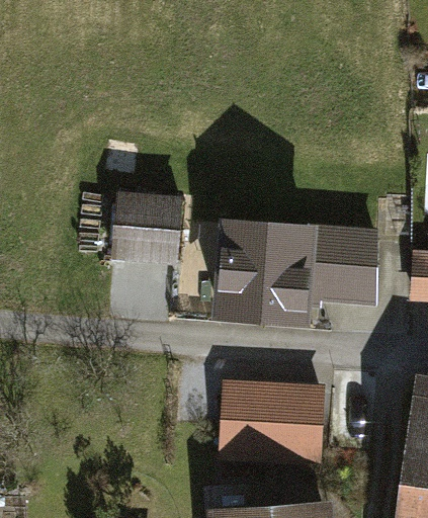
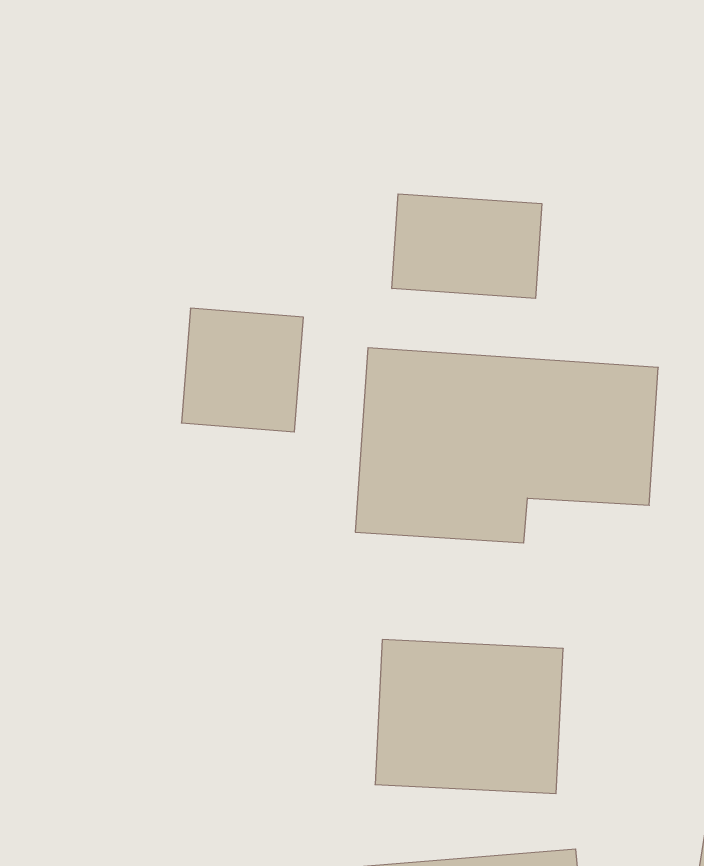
building: none -> [392,194,542,298]

